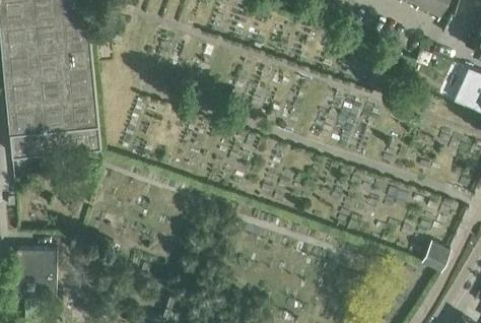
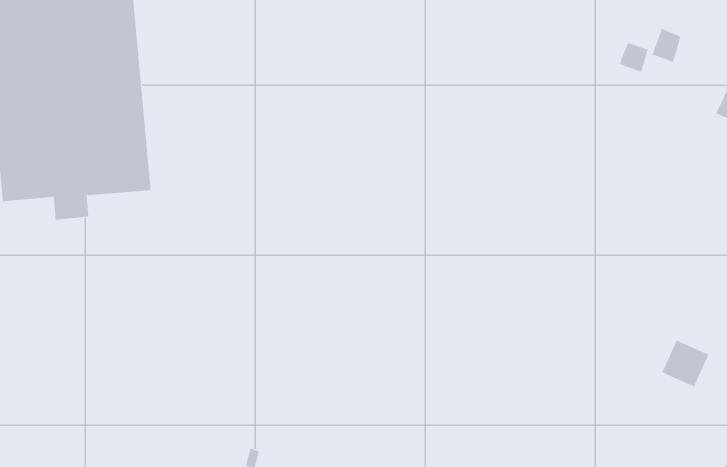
building: [15,249,58,298] -> none

